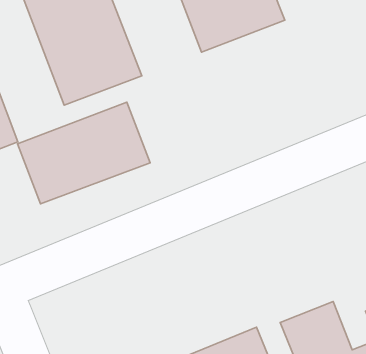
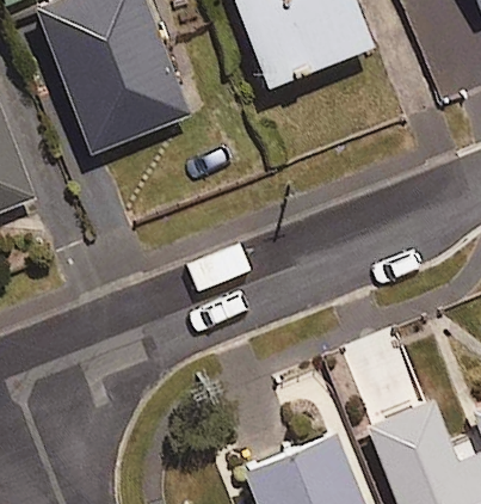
building: [18,102,150,204] -> none

